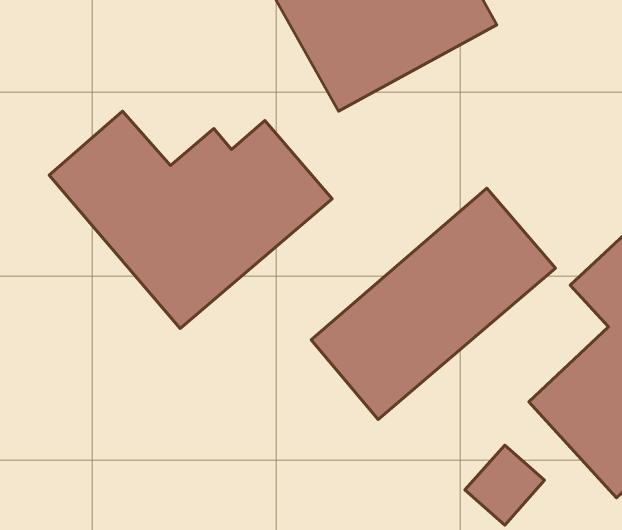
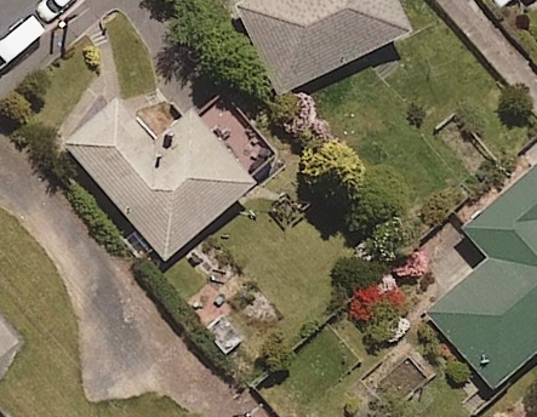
building: [311,188,555,419] -> none

